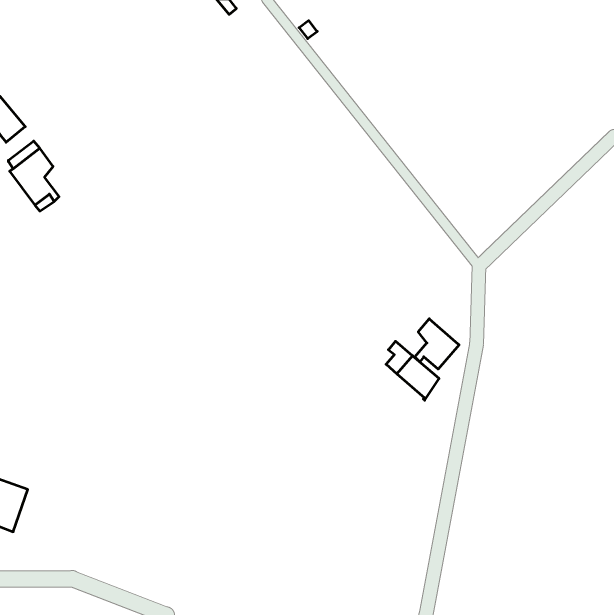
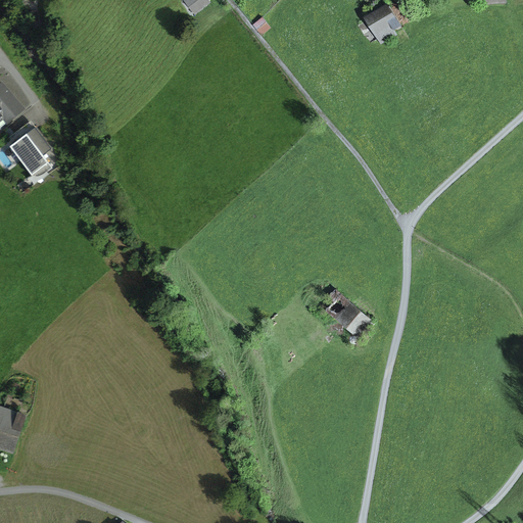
building: none -> [367,5,398,42]
building: [415,319,459,369] -> none

